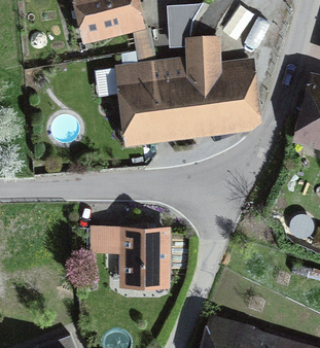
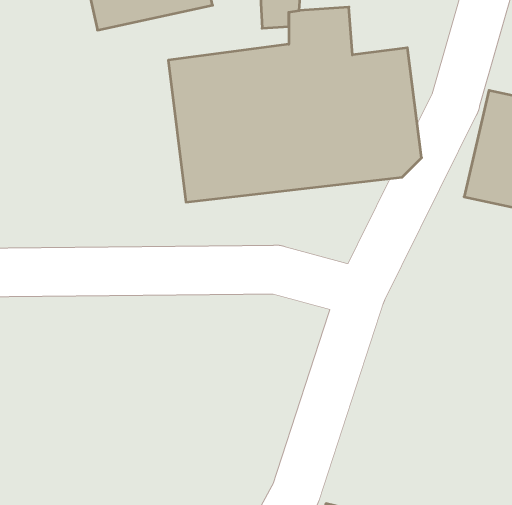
building: [92,228,169,288] -> none

